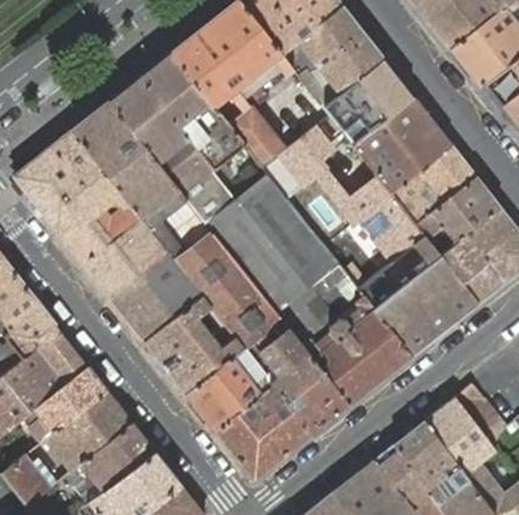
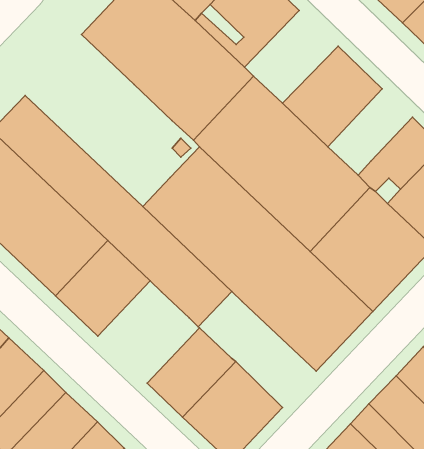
building: [108,52,245,224] -> none
building: [322,59,414,145] -> none
building: [390,145,476,224] -> none
building: [144,297,243,394] -> none
building: [257,329,348,436] -> none

